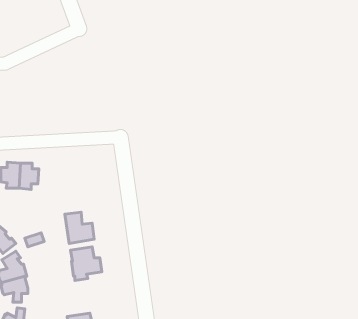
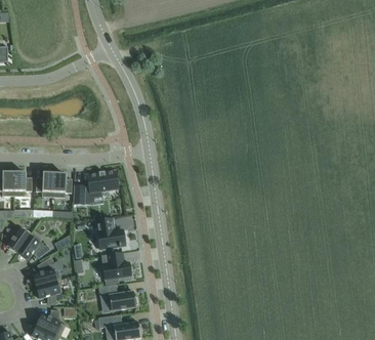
building: none -> [73,170,118,204]
building: none -> [98,284,137,310]

